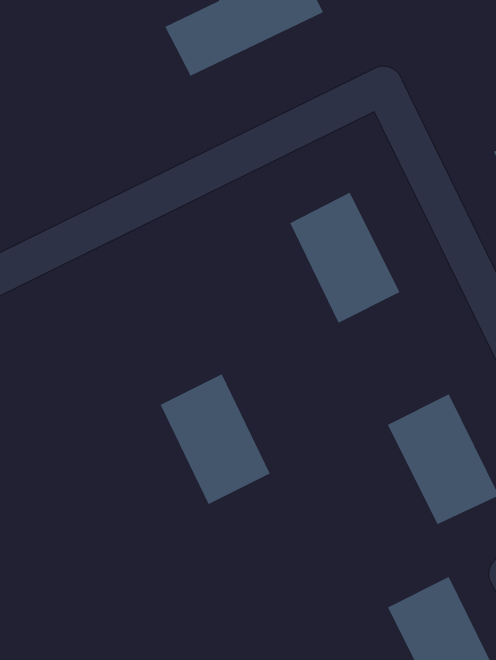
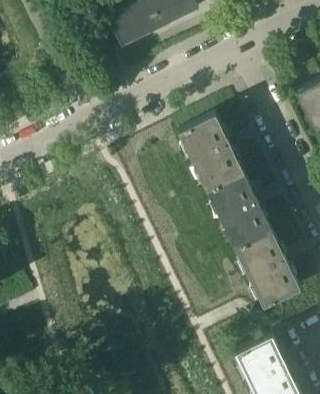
building: [159,373,271,505] -> [207,171,271,247]

